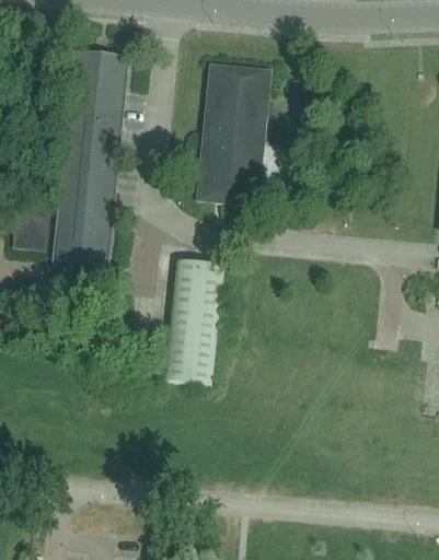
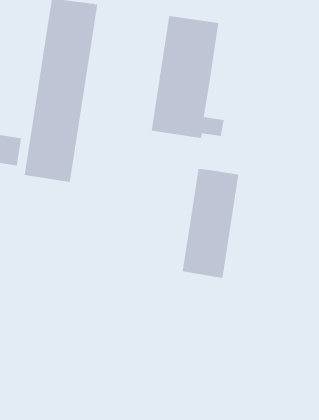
building: [163,258,223,384] -> [182,168,239,279]

